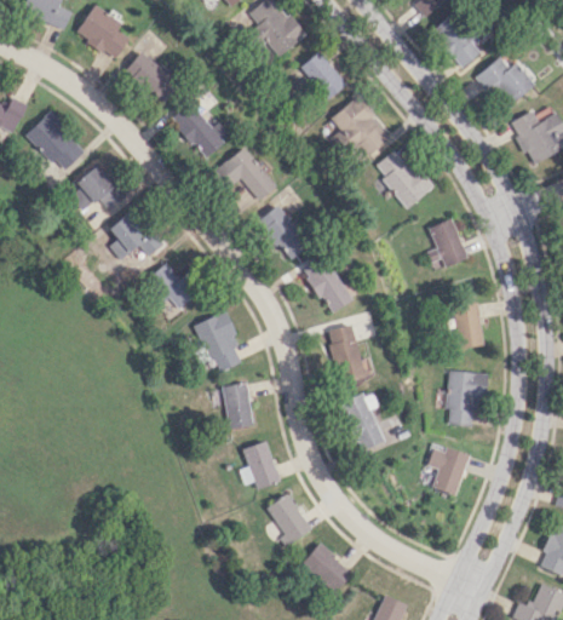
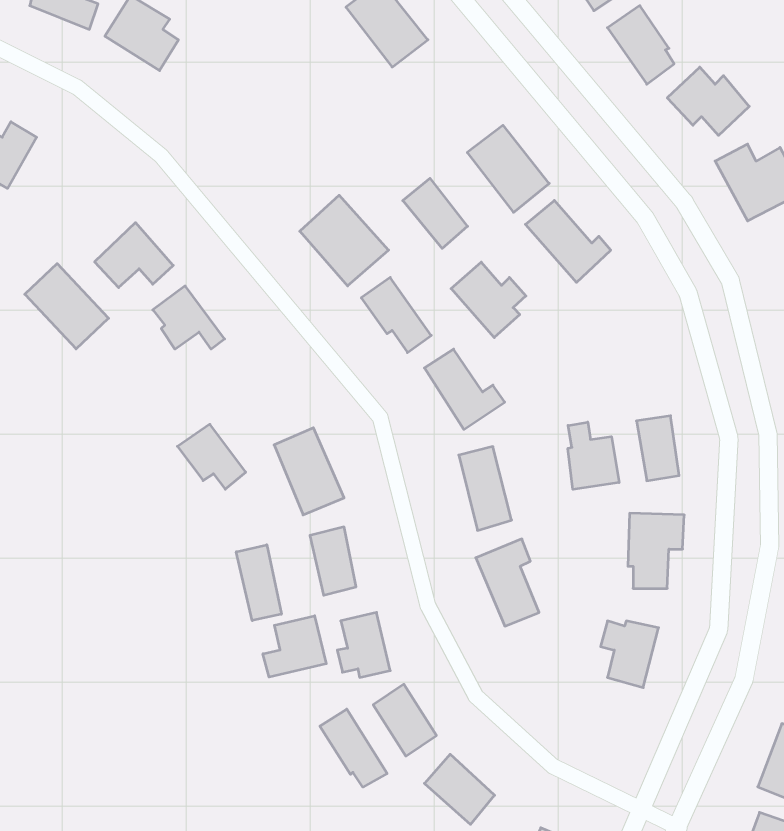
building: [125,51,179,103] -> none
building: [300,51,346,101] -> [403,178,468,248]
building: [171,102,229,156] -> none
building: [27,111,86,172] -> [25,264,109,349]
building: none -> [451,262,526,338]
building: [431,219,466,266] -> none
building: [145,263,194,309] -> [177,424,246,489]
building: none -> [568,422,619,489]
building: none -> [236,545,281,621]
building: none -> [263,616,326,677]
building: none -> [320,709,387,787]

